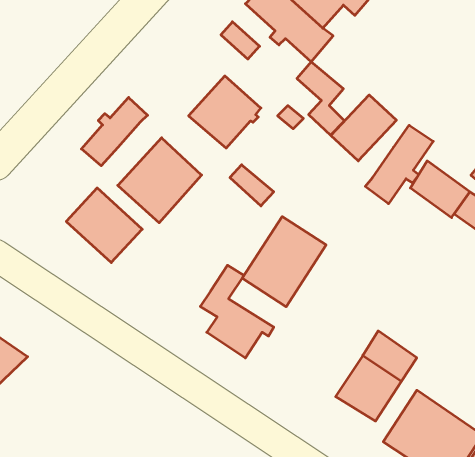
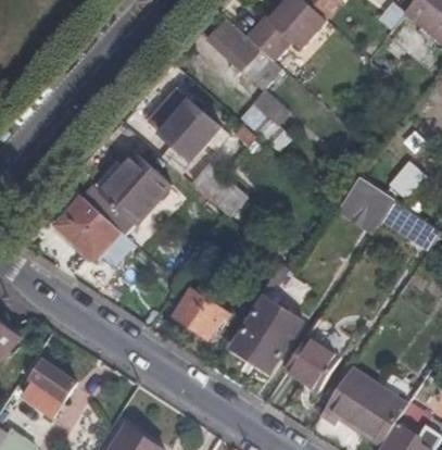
building: [331,95,396,161] -> none
building: [81,97,148,166] -> none
building: [365,125,433,204] -> none
building: [242,217,326,307] -> [231,297,302,373]
building: none -> [23,360,77,417]

